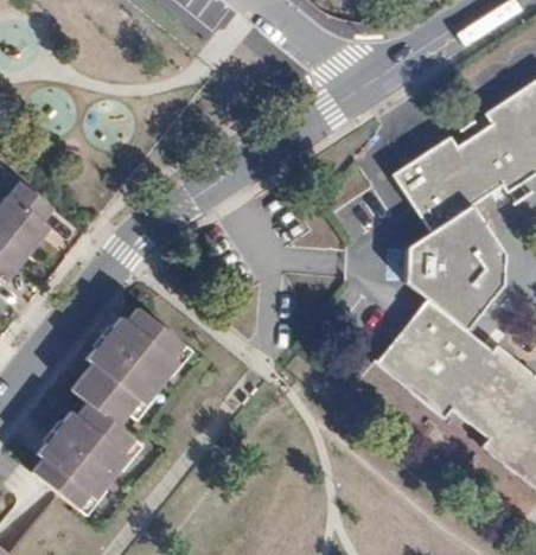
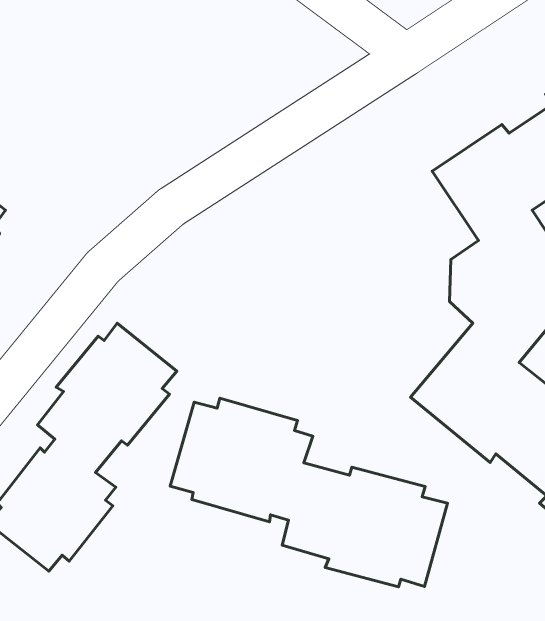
building: none -> [170,398,447,587]

